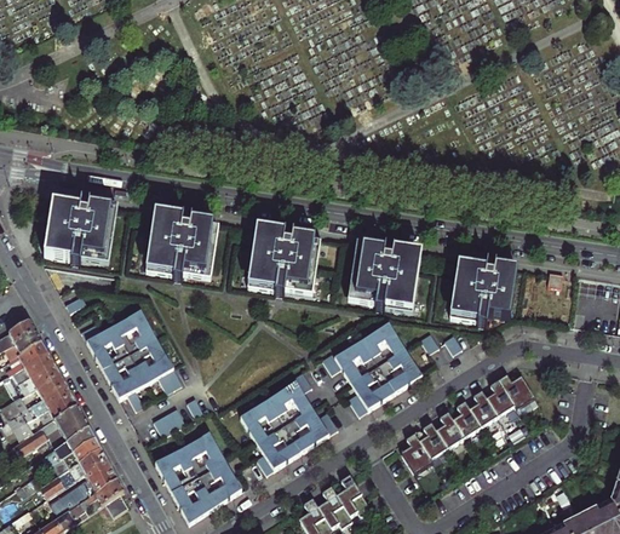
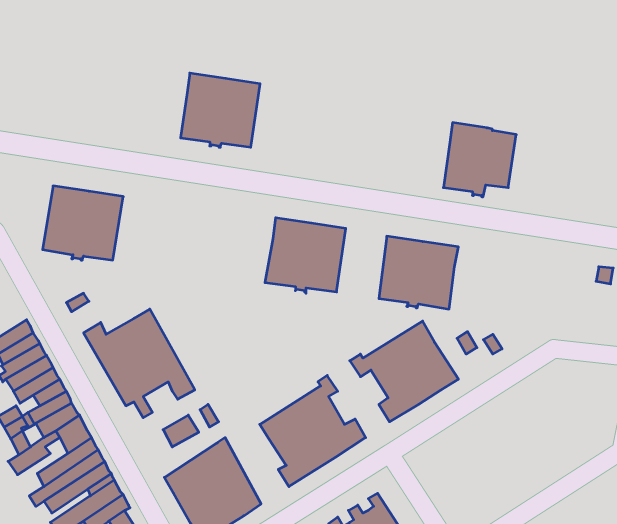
building: [145,211,218,279] -> [181,73,260,147]
building: [452,257,518,325] -> [443,123,516,197]
building: [401,375,534,475] -> none

